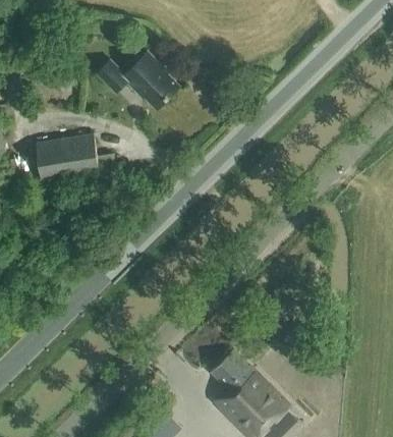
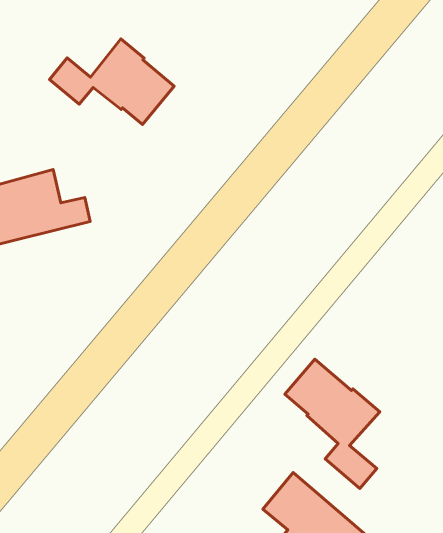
building: none -> [285,359,380,488]

